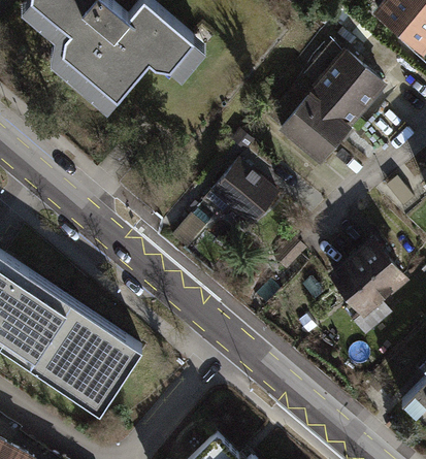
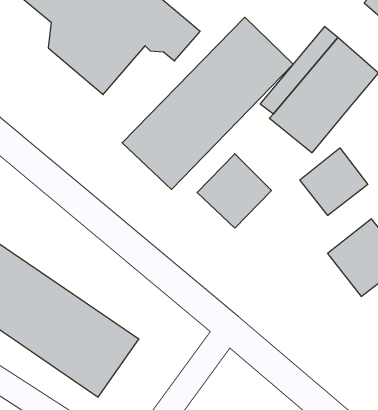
building: none -> [122,17,293,189]
building: none -> [300,148,368,216]

